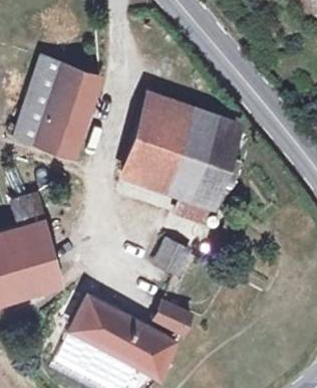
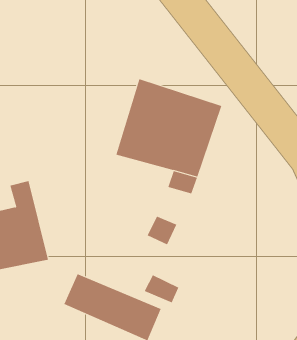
building: [13,58,97,155] -> none

